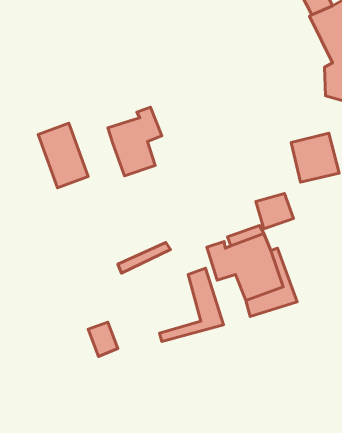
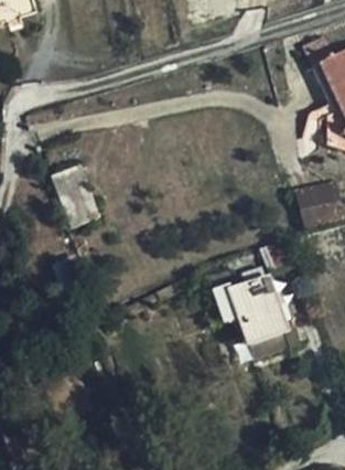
building: [108,107,162,176] -> none
building: [159,268,224,342] -> none

